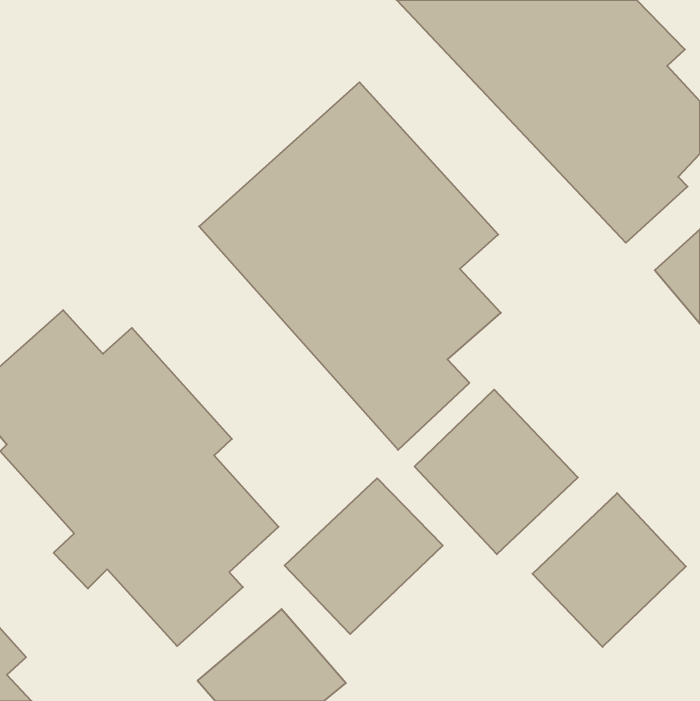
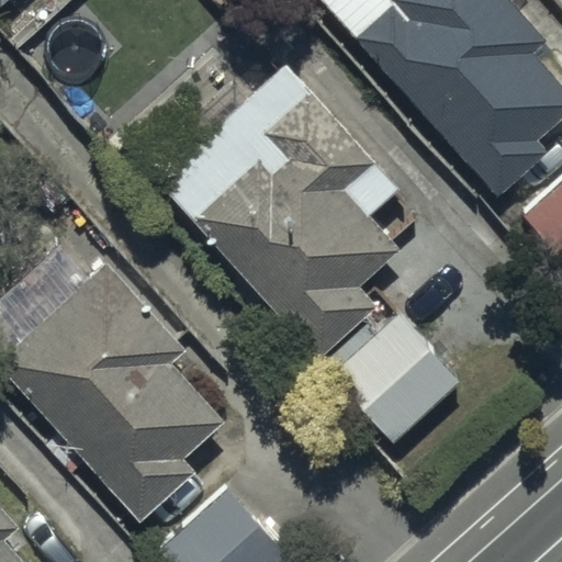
building: [285,478,443,634] -> none
building: [532,493,686,647] -> none

